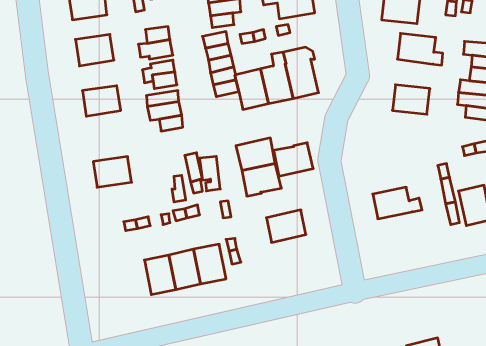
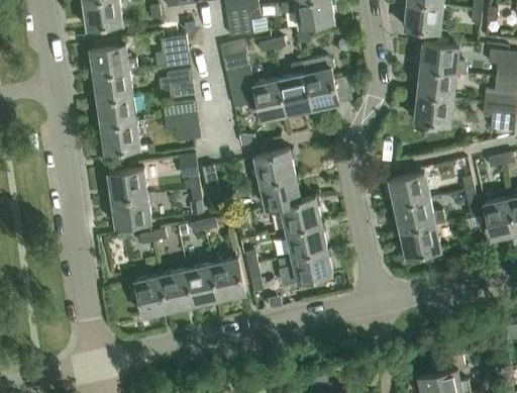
building: none -> [418,69,456,99]
building: none -> [94,70,132,101]
building: none -> [101,121,140,154]
building: [273,143,313,176] -> [280,197,321,231]
building: [200,156,220,191] -> [178,155,199,190]
building: none -> [389,174,429,207]
building: none -> [112,195,150,226]
building: none -> [400,225,440,259]
building: none -> [291,249,332,283]
building: none -> [134,275,168,316]

